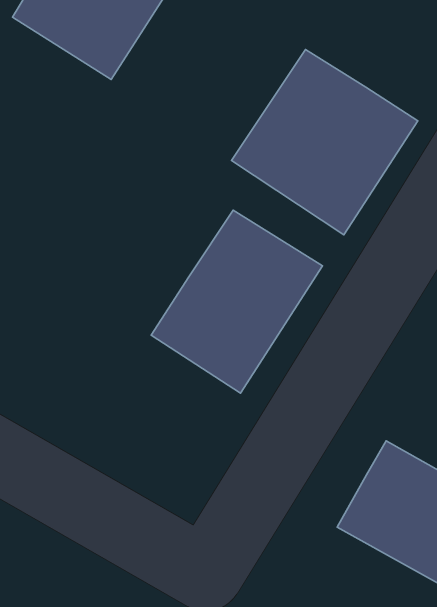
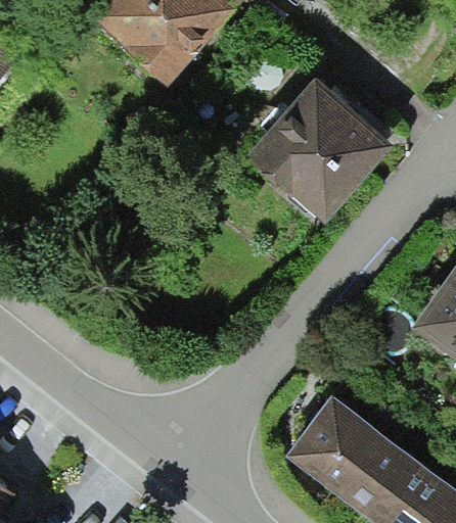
building: [151,210,322,393] -> none

